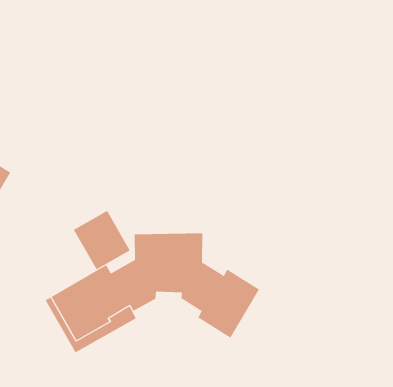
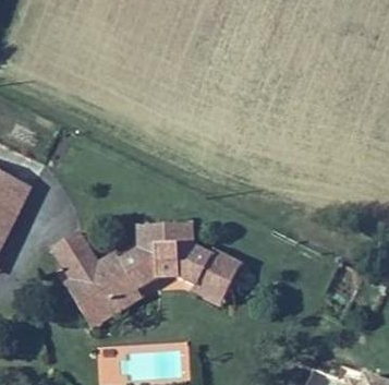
building: [73,210,131,270] -> [50,233,98,282]

